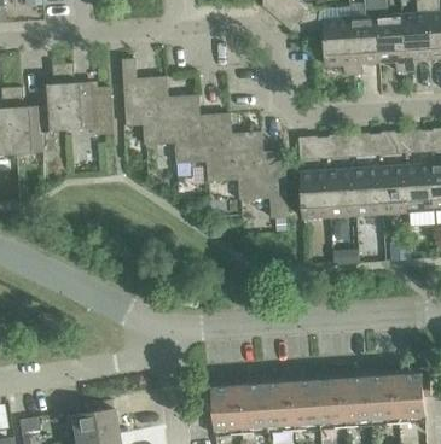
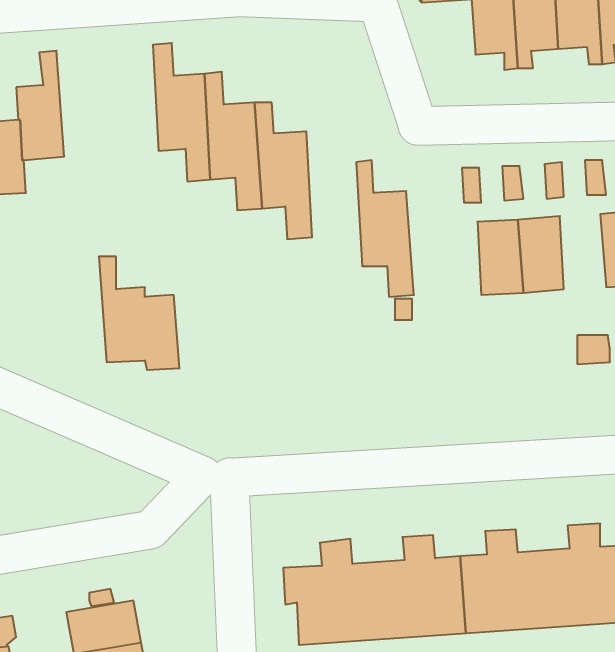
building: [63,63,114,134] -> [99,257,180,370]
building: [220,113,255,199] -> none
building: [379,165,408,212] -> none
building: [300,170,330,218] -> none

